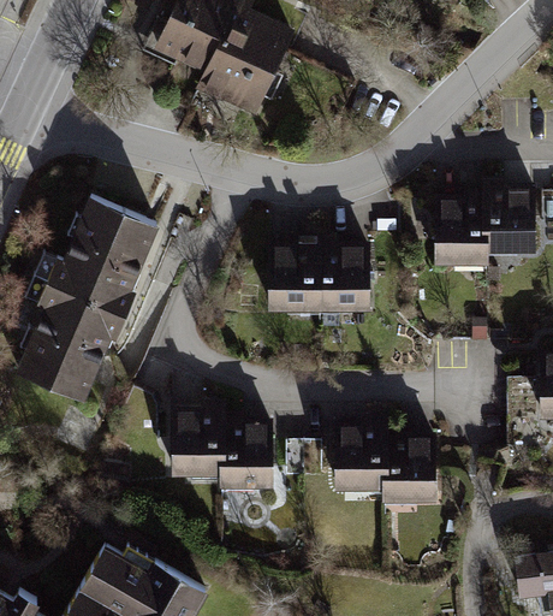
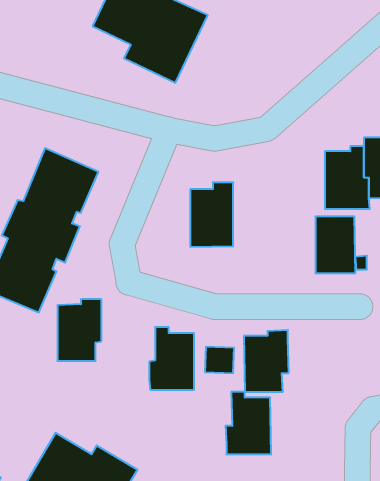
building: [322,245,371,315] -> [315,217,355,273]
building: [172,404,226,480] -> [57,299,101,361]
building: [382,430,439,507] -> [225,392,271,454]

